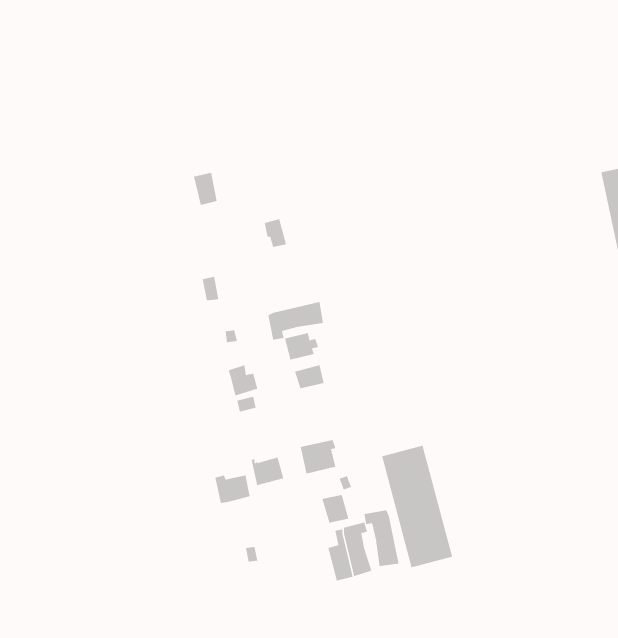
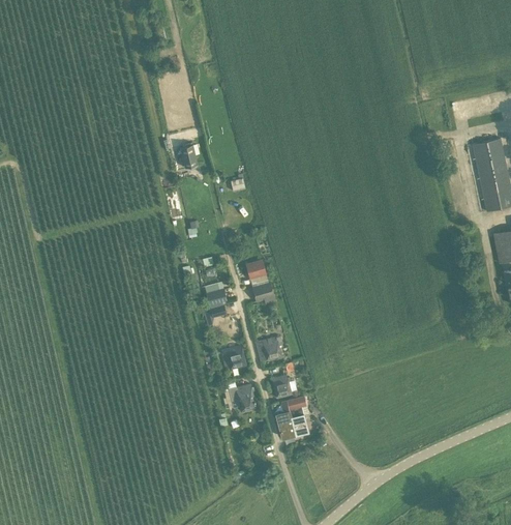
building: [268,301,323,340] -> none
building: [381,445,453,568] -> none
building: [215,475,251,504] -> [229,387,254,408]
building: [364,510,399,567] -> none

